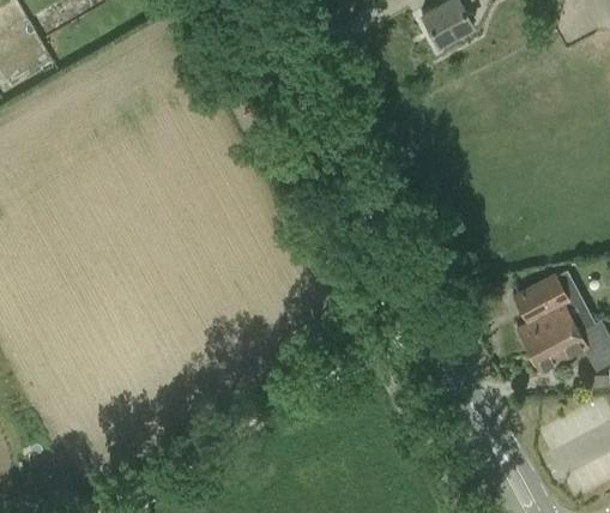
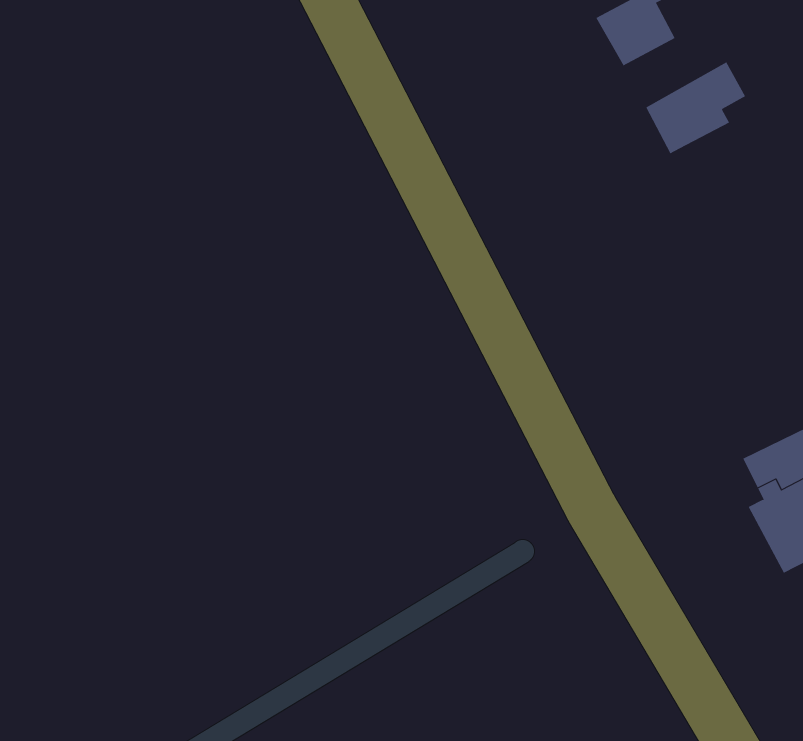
building: none -> [646,62,746,154]

